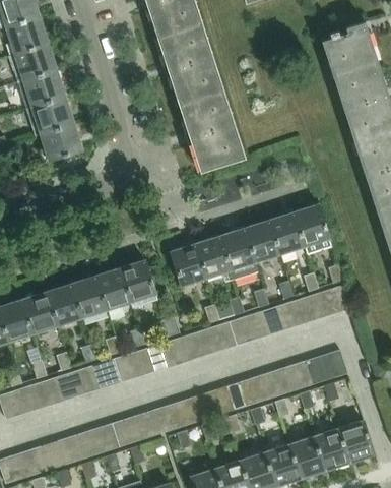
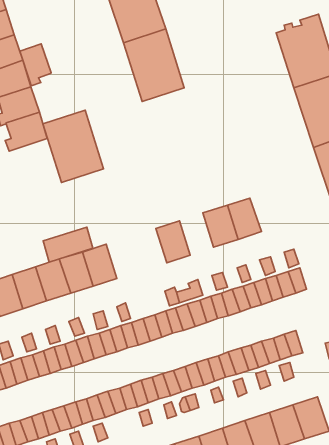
building: none -> [20,44,51,86]
building: [182,97,245,172] -> [43,110,104,182]
building: [294,203,332,255] -> none
building: [220,227,256,270] -> none
building: none -> [43,227,93,262]
building: [170,243,207,287] -> none

